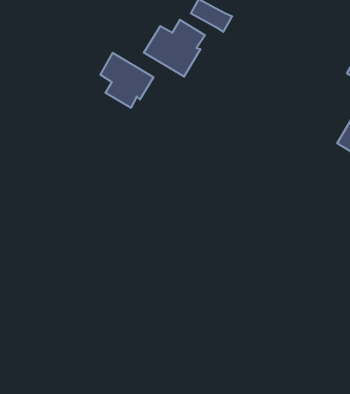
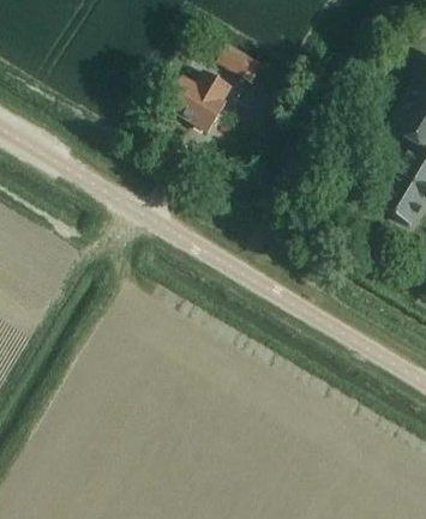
building: [100,53,153,108] -> none

